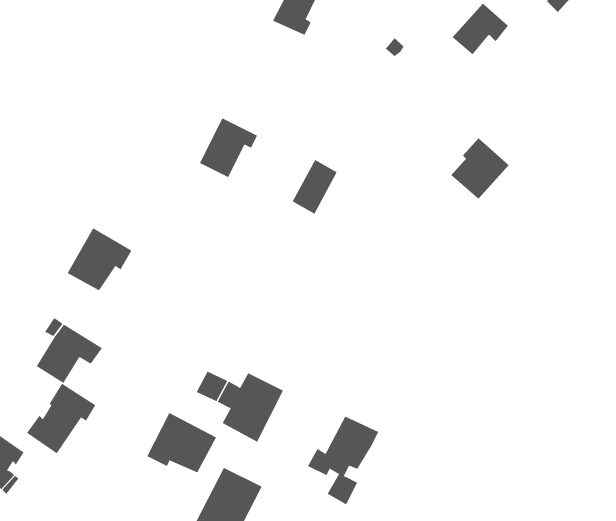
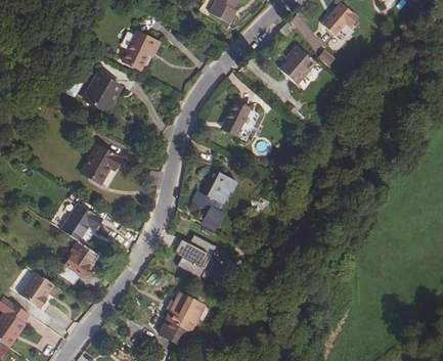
building: none -> [86,73,120,112]
building: [199,118,258,178] -> [123,32,160,70]
building: [451,138,509,199] -> [280,45,317,84]
building: [147,412,217,473] -> none
building: [307,416,379,505] -> [191,170,236,226]

